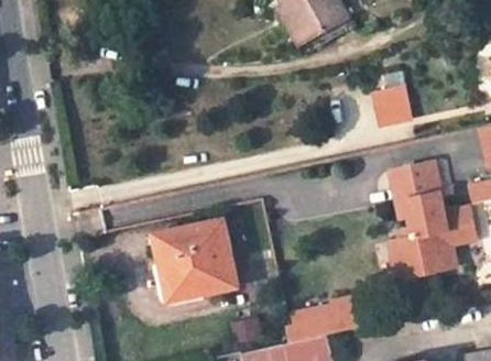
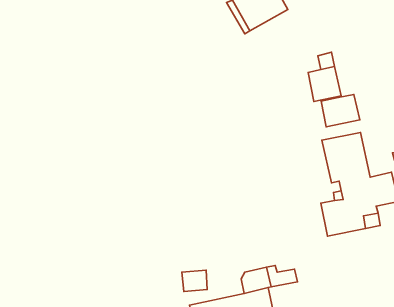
building: none -> [321,94,360,127]
building: [157,226,232,300] -> none

